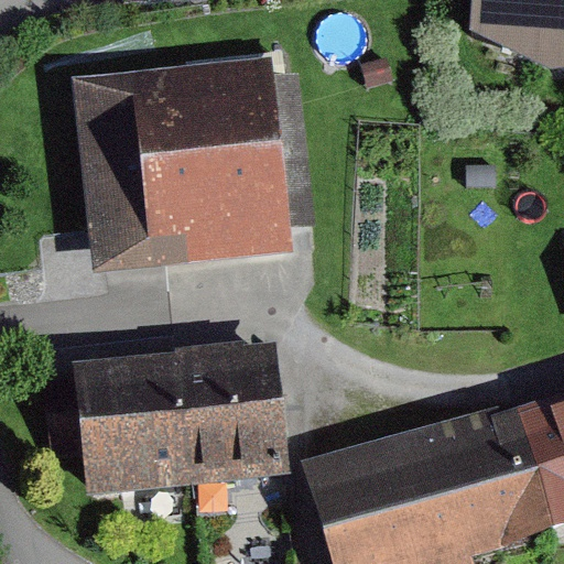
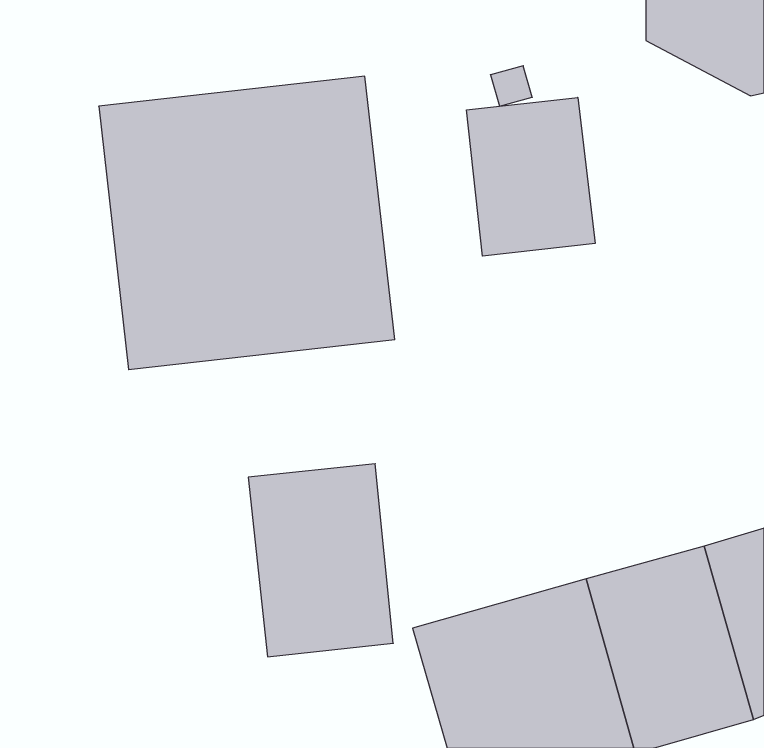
building: none -> [467,97,595,256]
building: [46,351,197,495] -> none

